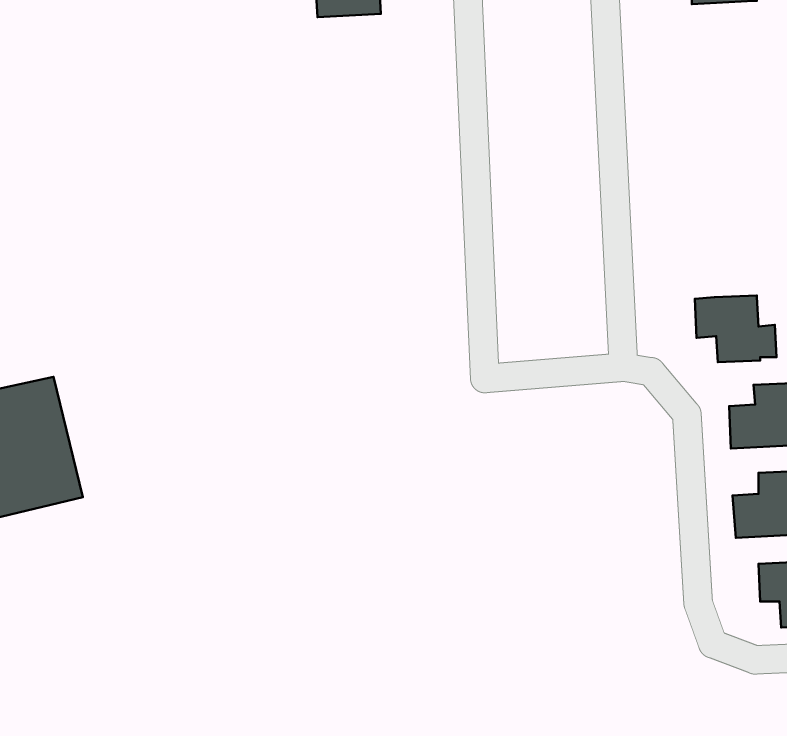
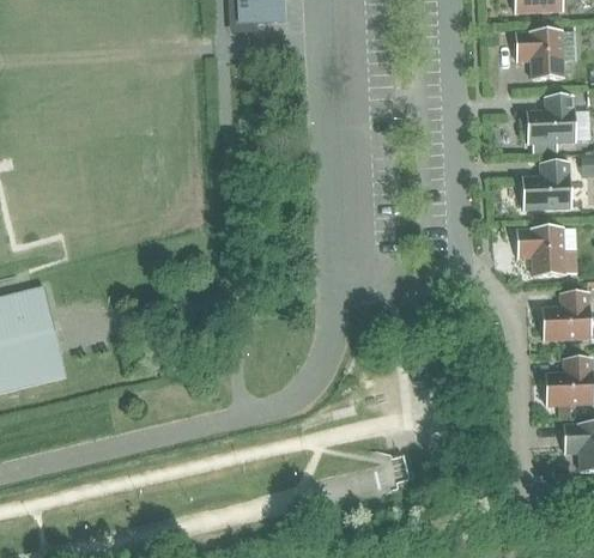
building: none -> [515,29,563,78]
building: none -> [526,95,575,150]
building: none -> [521,160,570,208]

